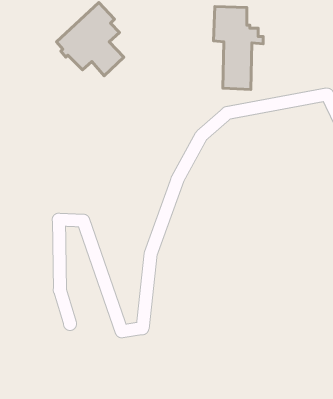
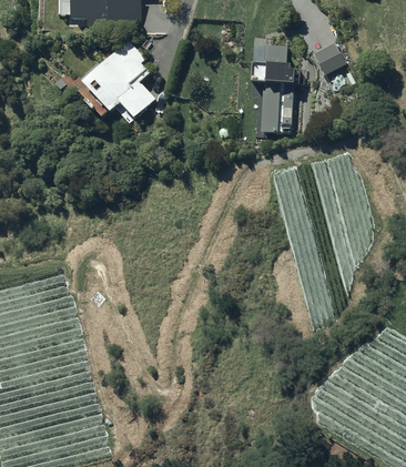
building: none -> [313,42,344,73]

